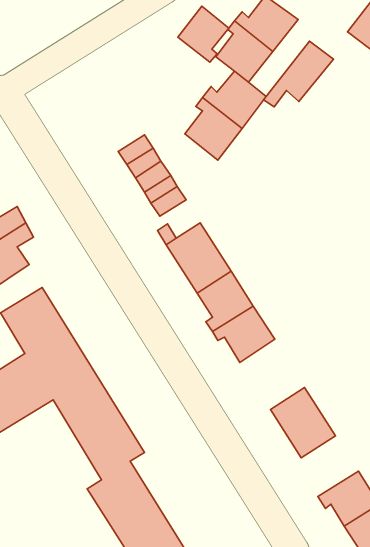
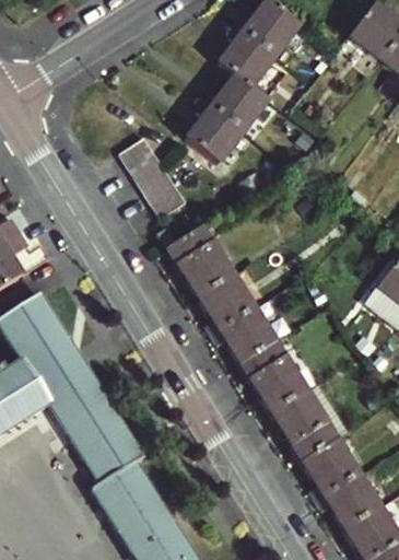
building: [178,6,229,62] -> none
building: [264,41,334,107] -> none
building: none -> [240,342,305,412]
building: none -> [302,439,359,499]

